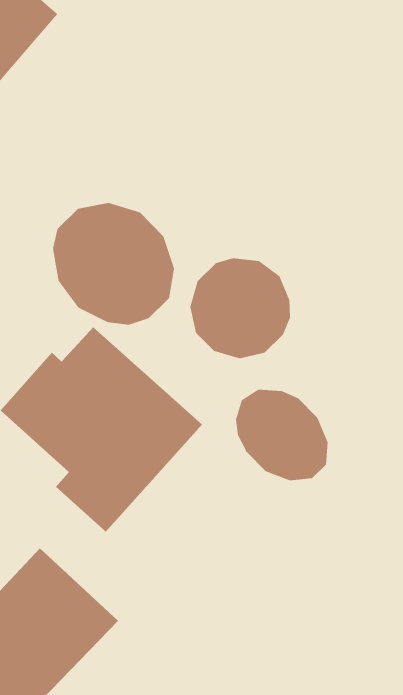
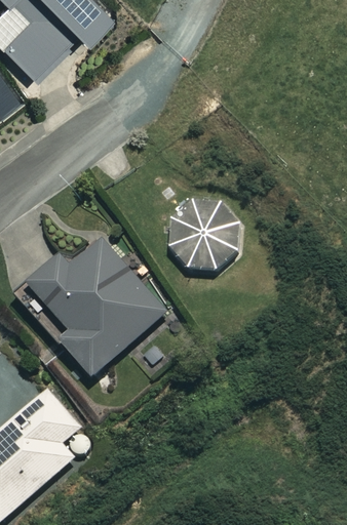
building: [53,202,175,325] -> none
building: [235,389,328,481] -> none

